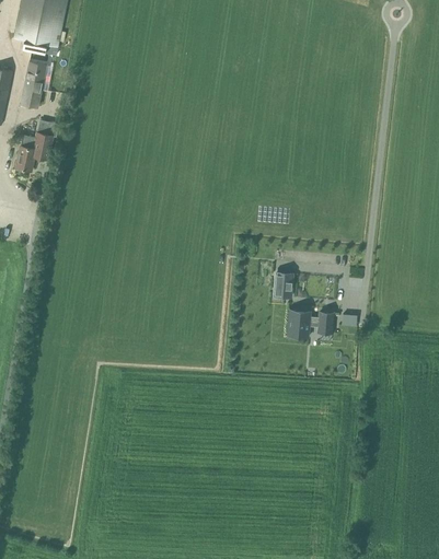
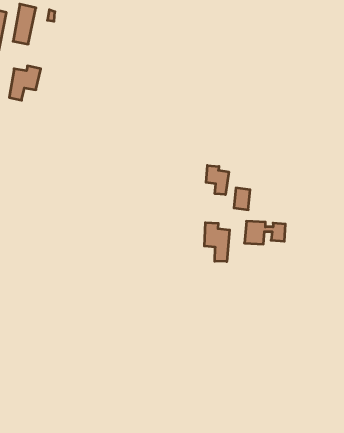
building: none -> [206,165,229,195]
building: none -> [204,223,230,262]

